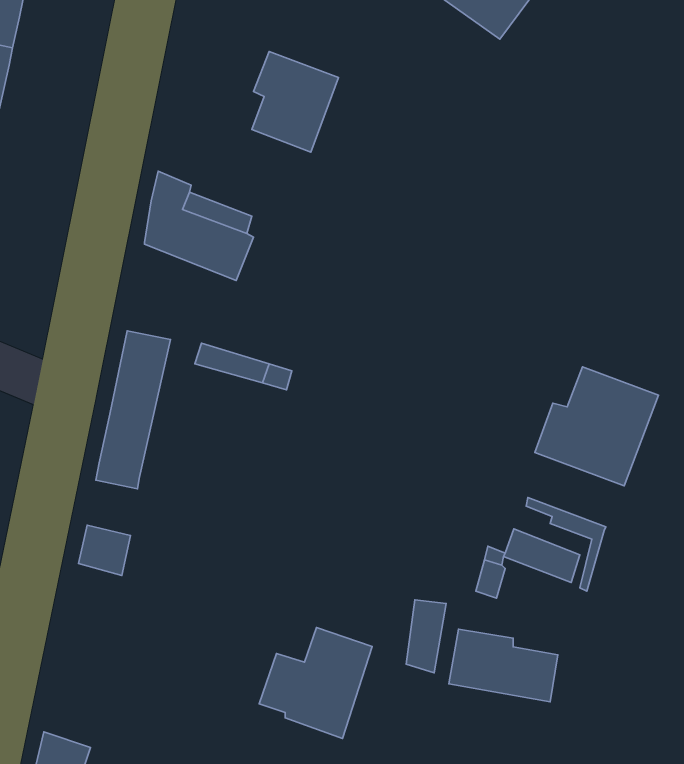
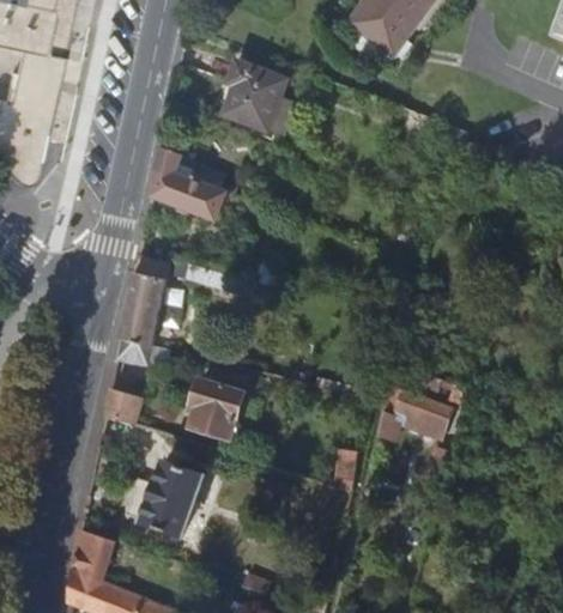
building: [535,367,659,486] -> none
building: none -> [192,380,246,439]
building: [259,628,372,739] -> [126,461,204,538]
building: [449,629,558,702] -> none

